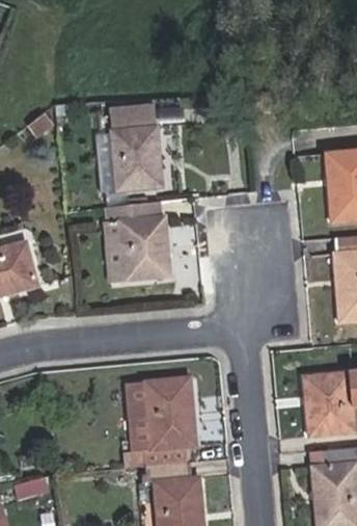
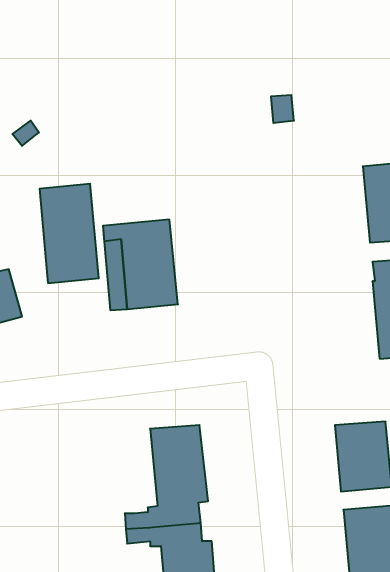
building: [109,105,160,190] -> [40,184,99,283]
building: [123,382,150,454] -> none

